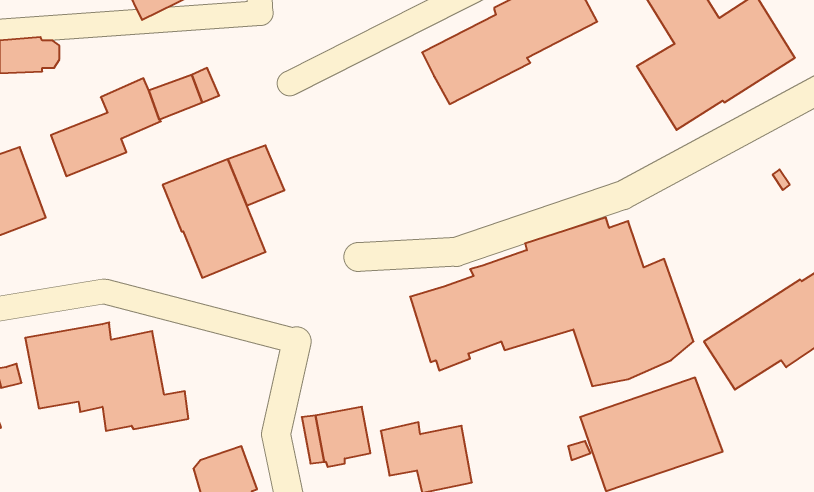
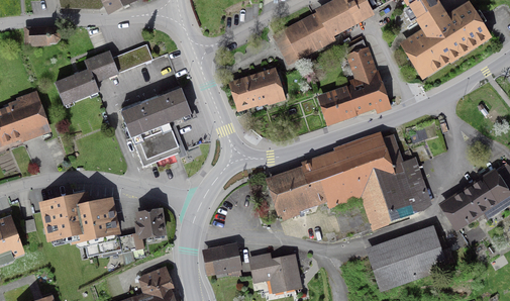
building: none -> [317,44,392,125]
building: none -> [228,66,286,111]
building: none -> [133,207,168,249]

